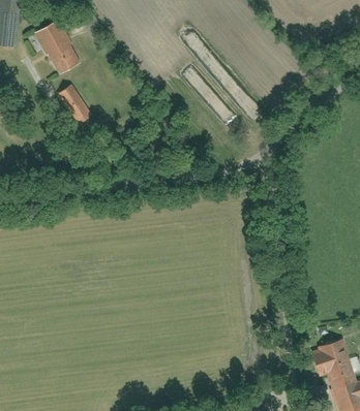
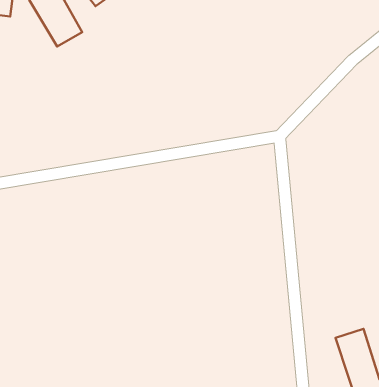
building: [56,82,96,126] -> none

